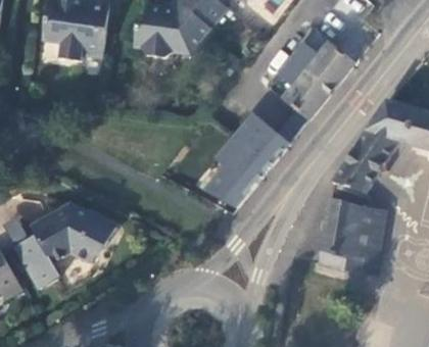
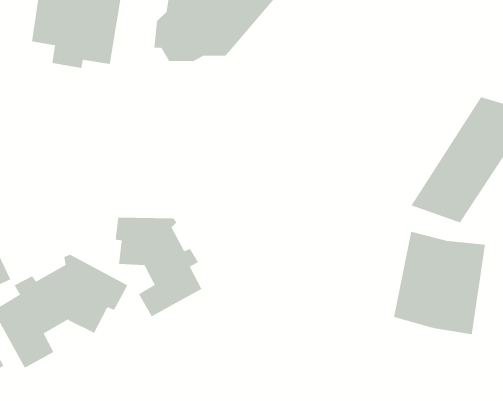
building: [210,35,355,198] -> none
building: none -> [115,217,202,317]

